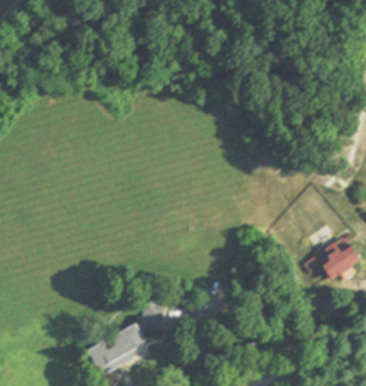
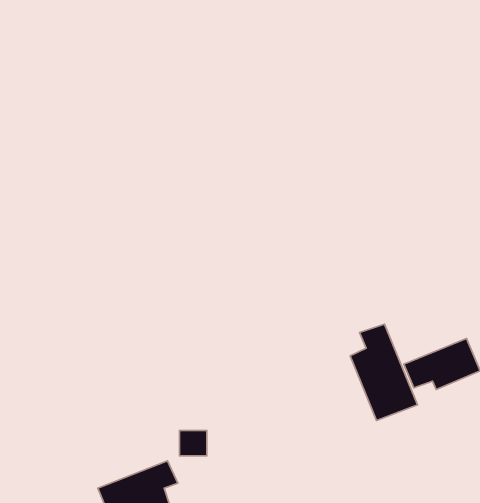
building: none -> [350,324,417,421]

